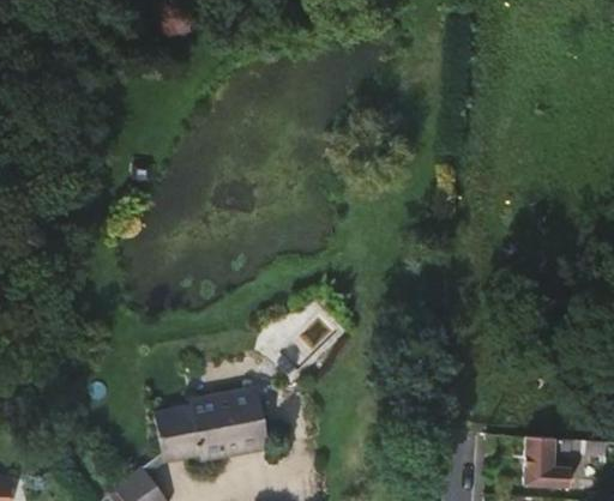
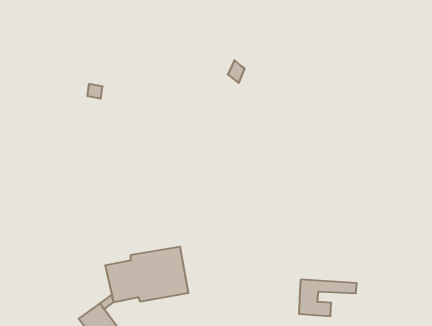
building: [524,436,606,488] -> [299,280,357,316]

